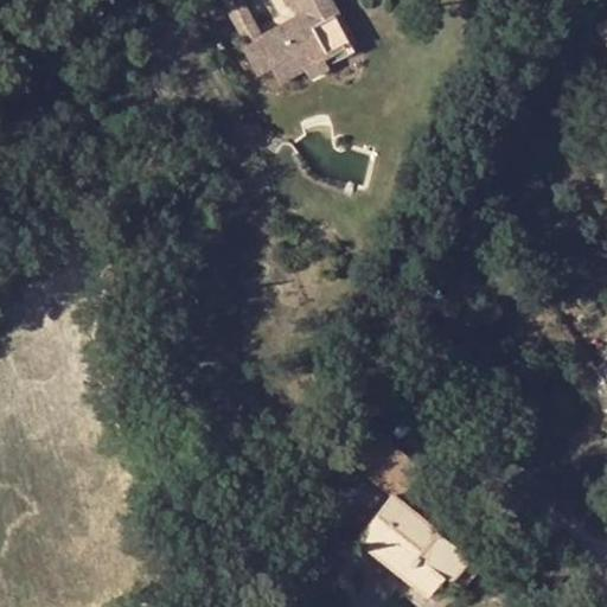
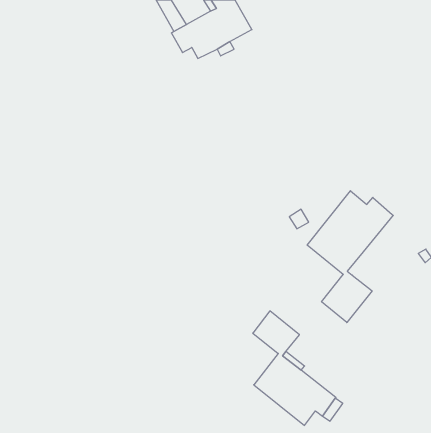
building: none -> [307,191,393,323]

